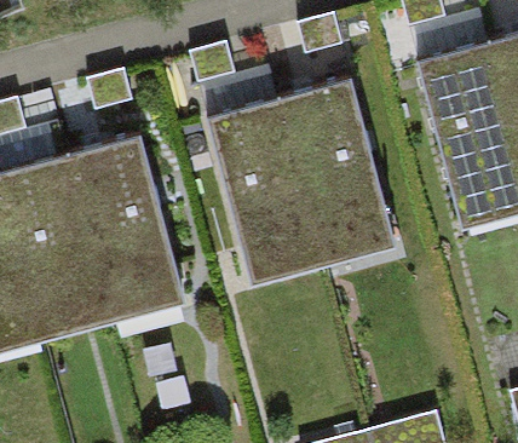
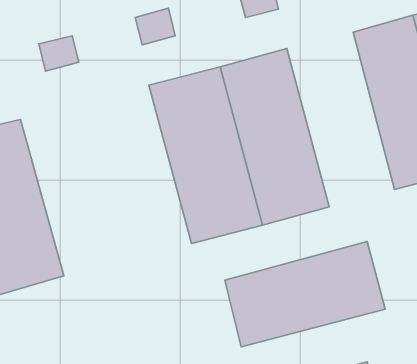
building: [70,134,185,318] -> none
building: none -> [225,242,385,347]

